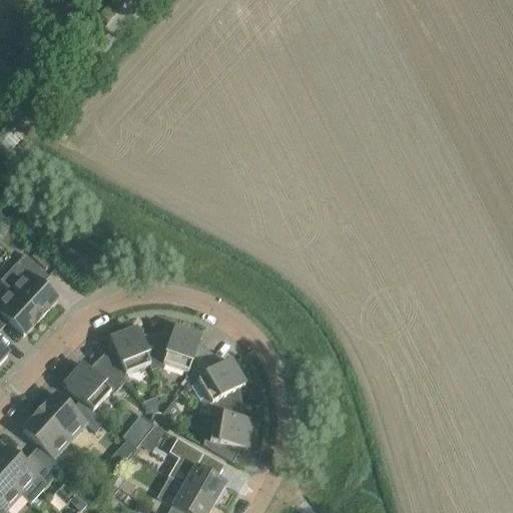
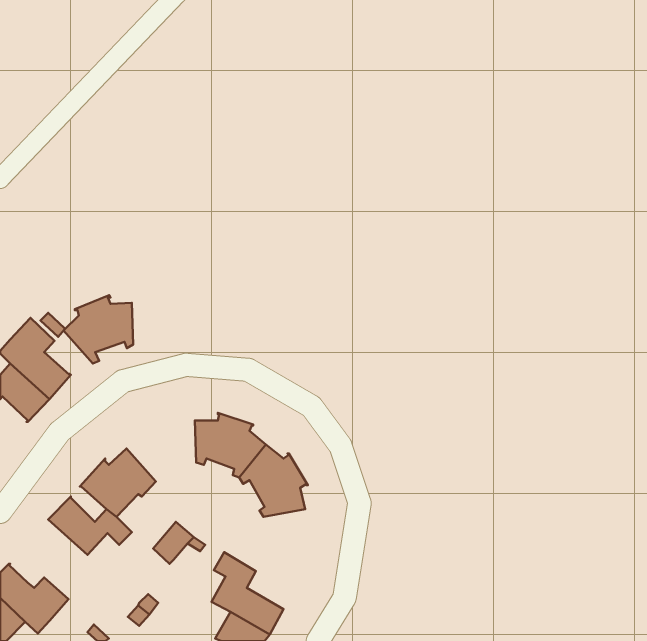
building: [100,327,155,381] -> [64,295,133,363]
building: [202,403,250,461] -> none
building: [21,411,70,474] -> none

